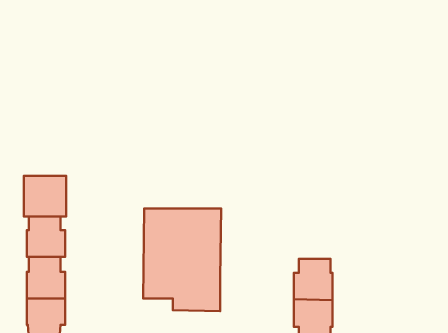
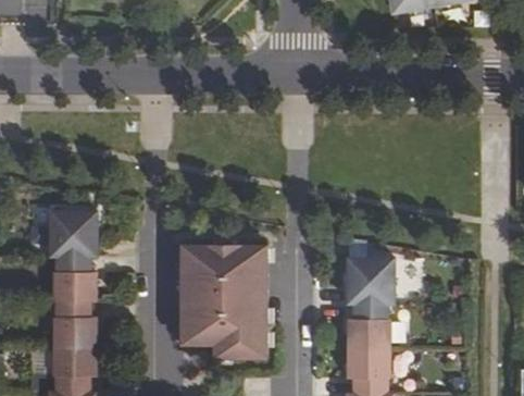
building: none -> [346,259,394,304]

